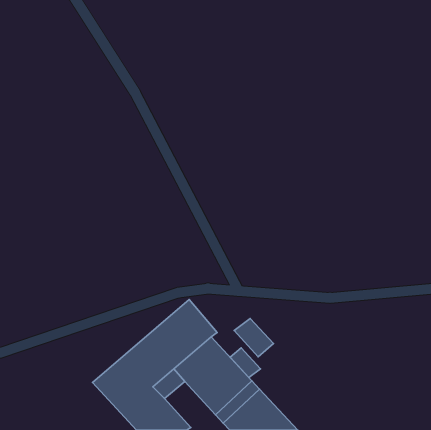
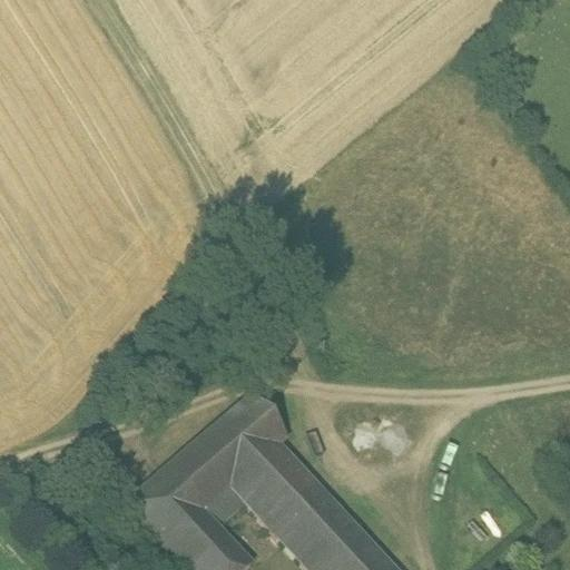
building: [234,318,273,357] -> none
building: [230,348,260,377] -> none

